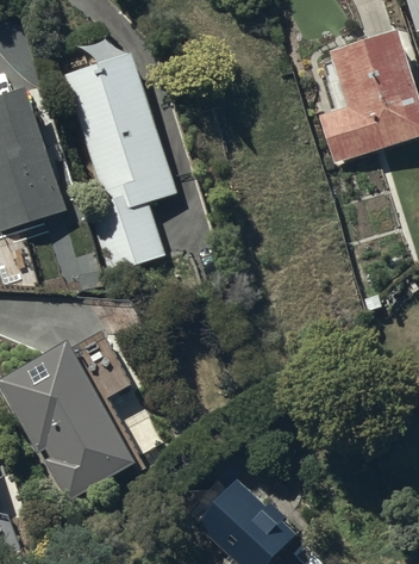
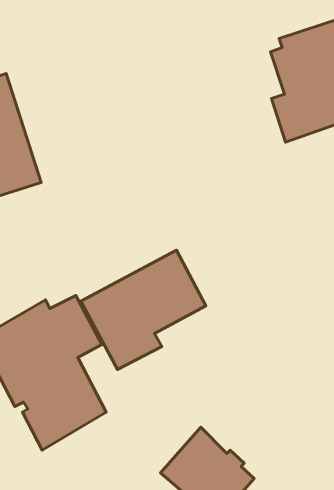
building: [65,52,176,274] -> none
building: none -> [81,250,206,370]

